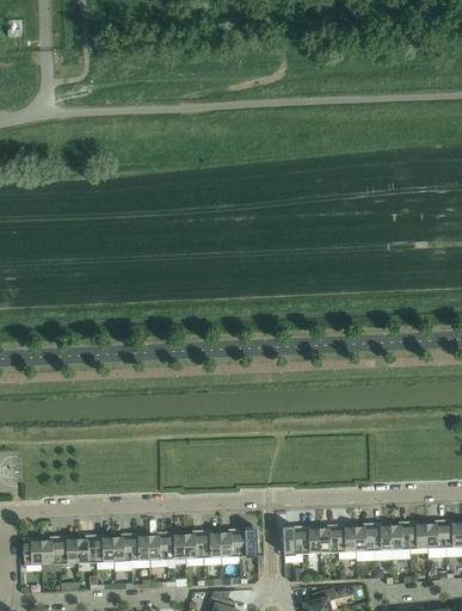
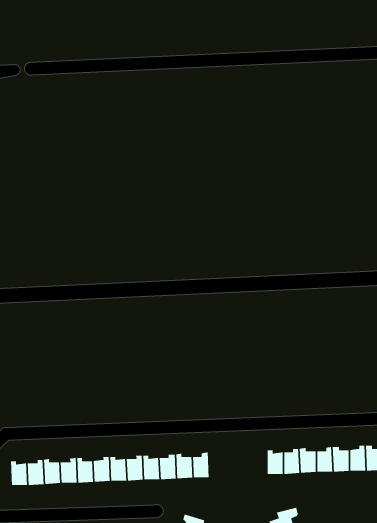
building: [282,526,301,555] -> none
building: [238,529,257,557] -> none

